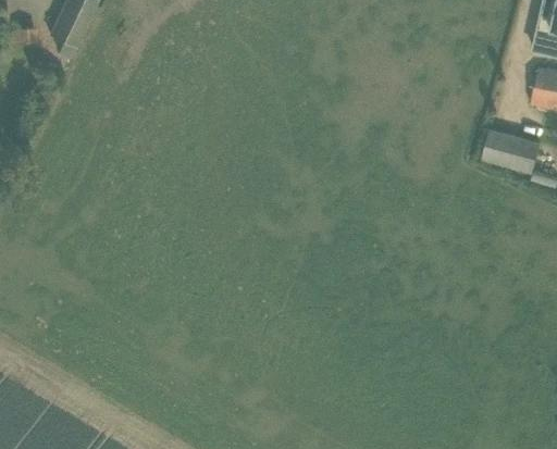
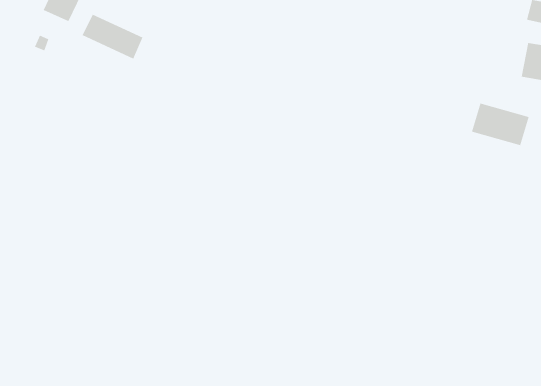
building: none -> [82,14,143,60]

